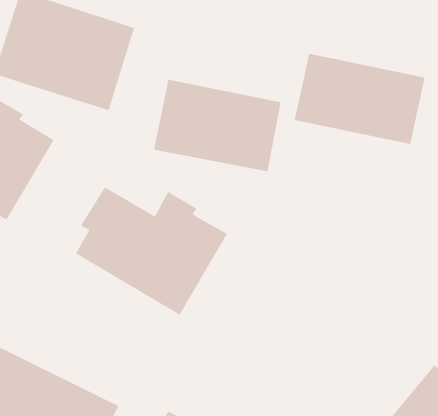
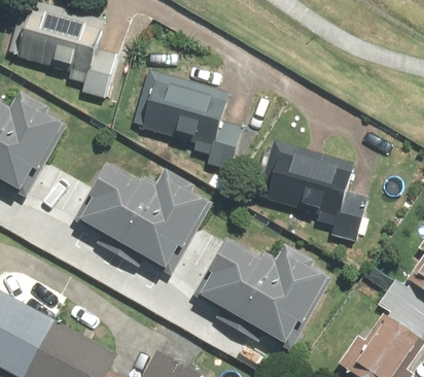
building: [294,53,426,144] -> [258,139,369,216]
building: none -> [203,241,332,350]

